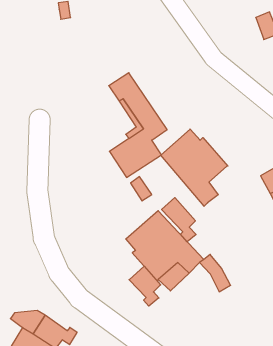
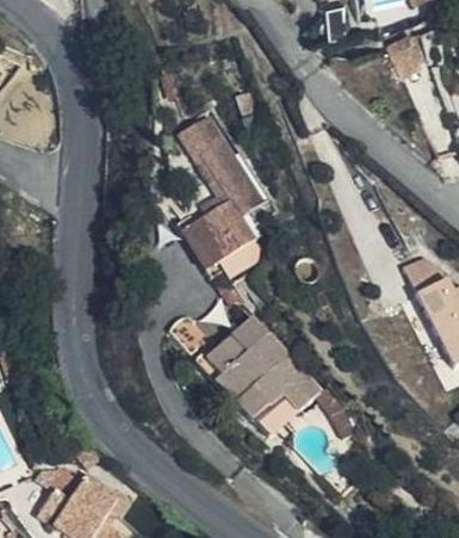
building: [161,129,228,206] -> none
building: [162,198,196,242] -> none
building: [129,266,161,306] -> none

